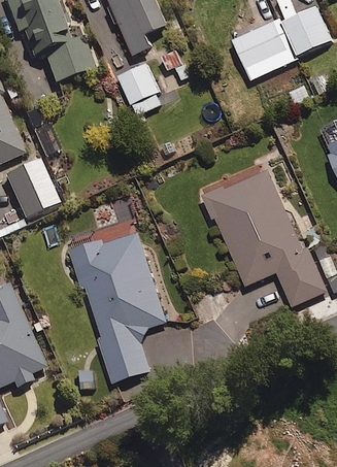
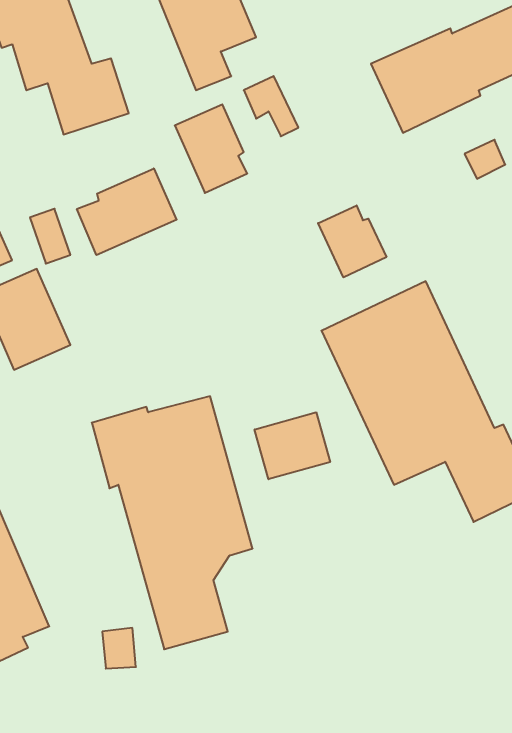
building: none -> [77,168,177,255]
building: none -> [318,205,386,277]
building: none -> [255,412,330,479]

